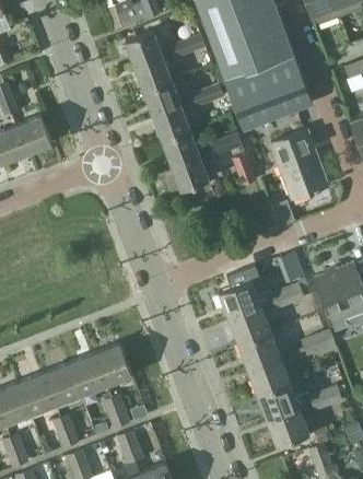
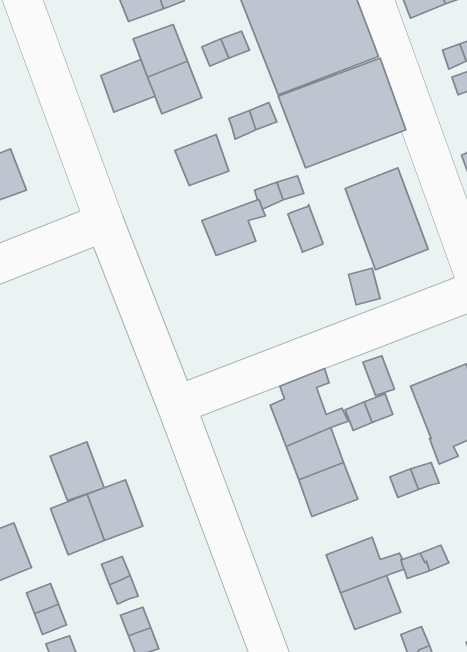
building: [144,81,182,117] -> [101,60,155,112]
building: [163,131,199,165] -> none
building: [247,357,289,395] -> none
building: [43,363,80,404] -> [50,442,104,501]

